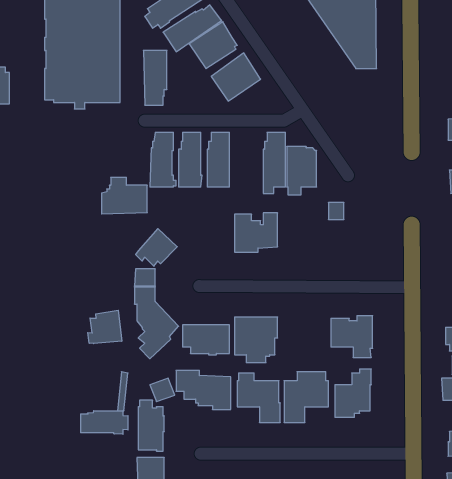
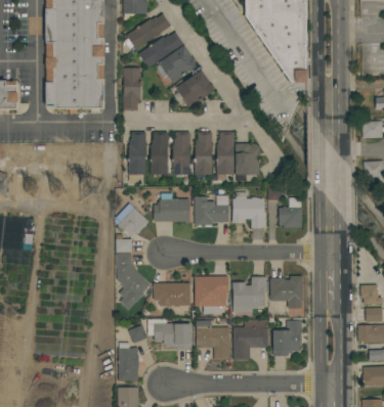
building: none -> [195,132,212,175]
building: [102,177,147,214] -> [154,193,189,222]
building: none -> [232,192,266,228]
building: none -> [279,197,302,229]
building: [88,310,122,344] -> none
building: none -> [232,277,267,313]
building: [81,411,128,434] -> none

